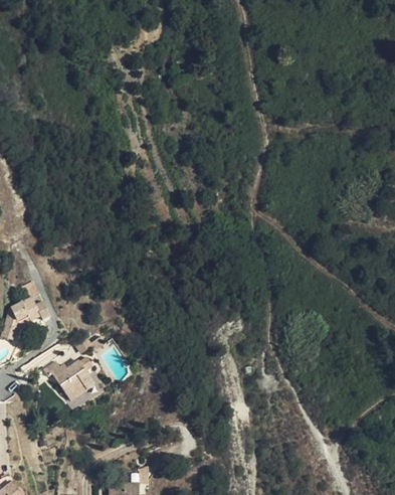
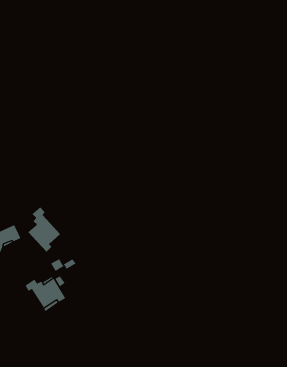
building: none -> [28,206,61,253]

